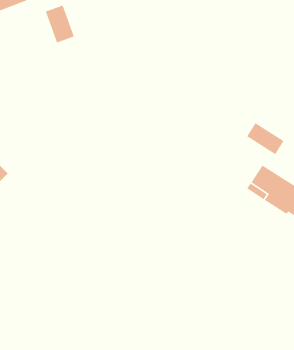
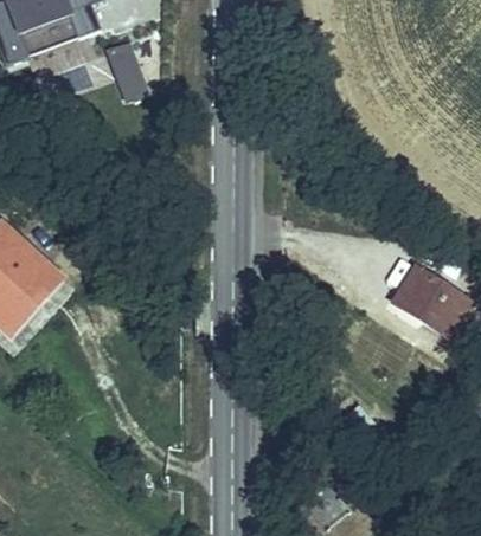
building: [246,122,285,155] -> none

